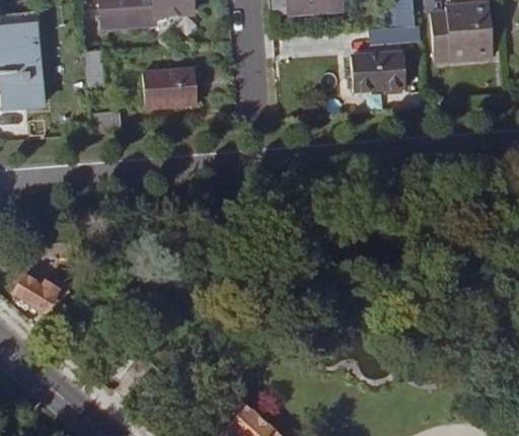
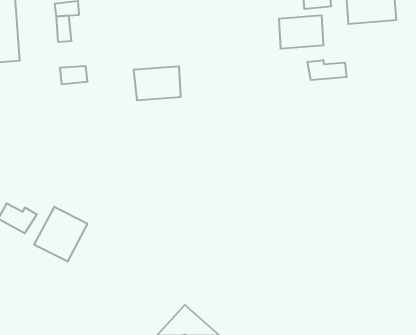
building: [142,68,199,108] -> [133,66,181,100]
building: none -> [307,60,346,80]
building: none -> [34,207,87,262]

